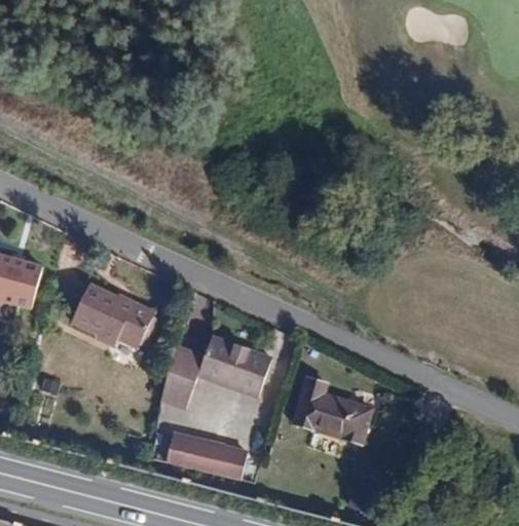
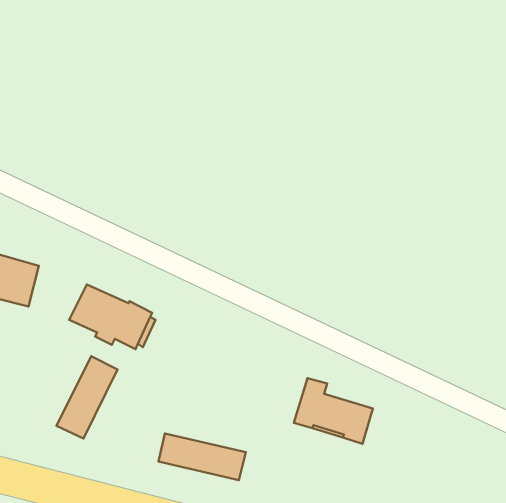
building: [160,336,271,407] -> none
building: none -> [56,356,118,439]

